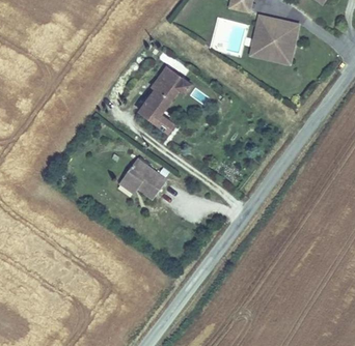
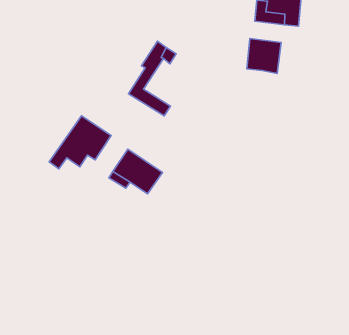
building: none -> [247,39,281,74]
building: none -> [49,116,111,169]

